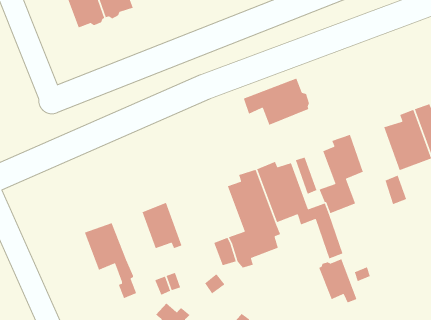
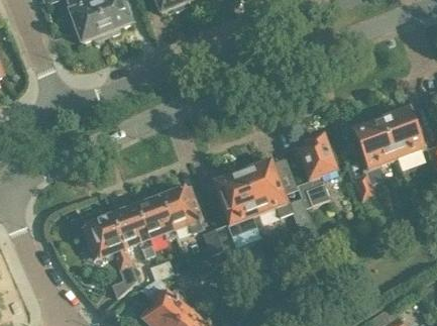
building: [243,77,310,126] -> none
building: none -> [160,187,203,235]
building: none -> [112,205,155,261]
building: [318,258,358,304] -> none

